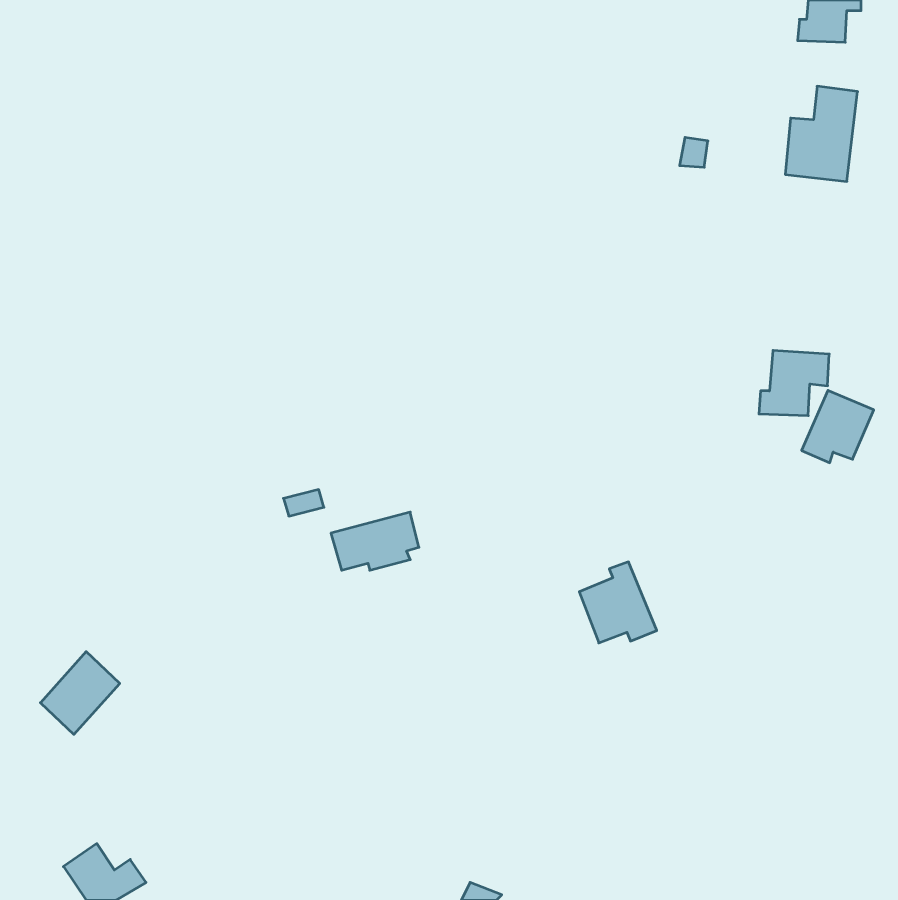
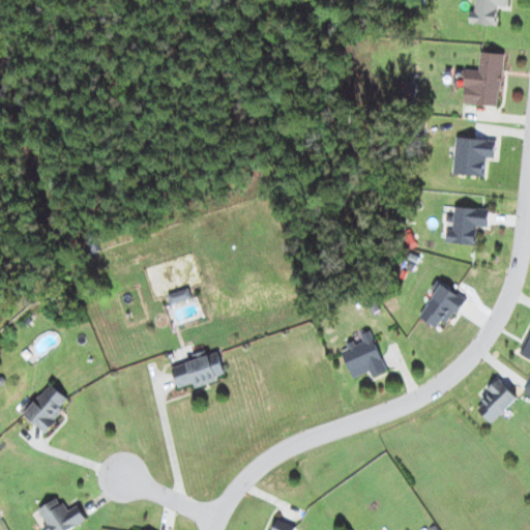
building: none -> [453,138,495,176]
building: [802,390,874,463] -> [421,284,464,326]
building: [331,512,419,570] -> [172,353,224,387]
building: none -> [474,380,517,423]

